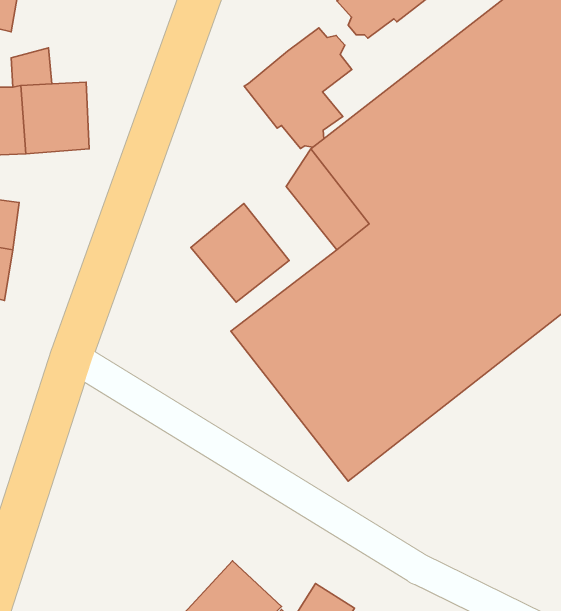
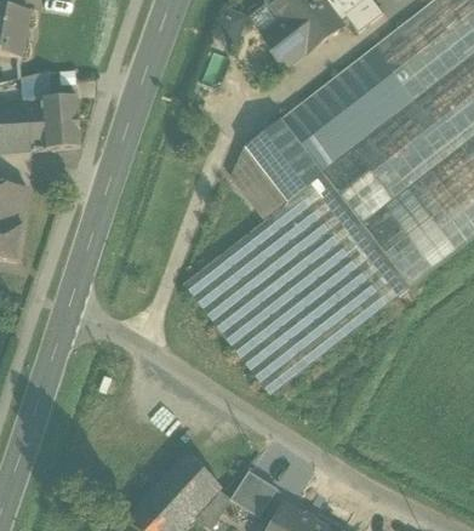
building: [244,28,352,148] -> none
building: [191,204,289,302] -> none

